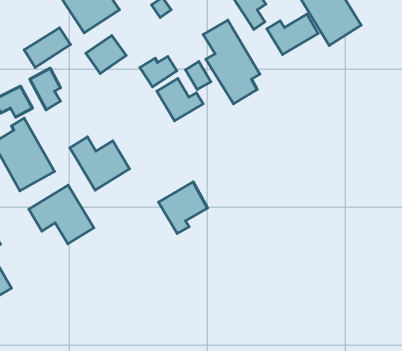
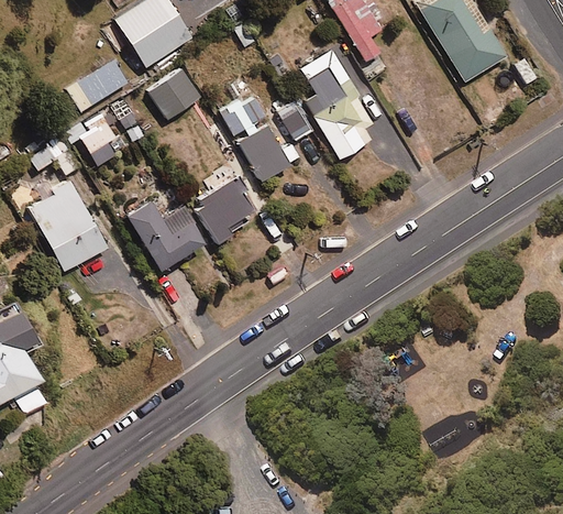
building: [267,14,318,55] -> none
building: [159,182,208,233] -> [192,177,256,244]
building: [29,185,94,244] -> none

